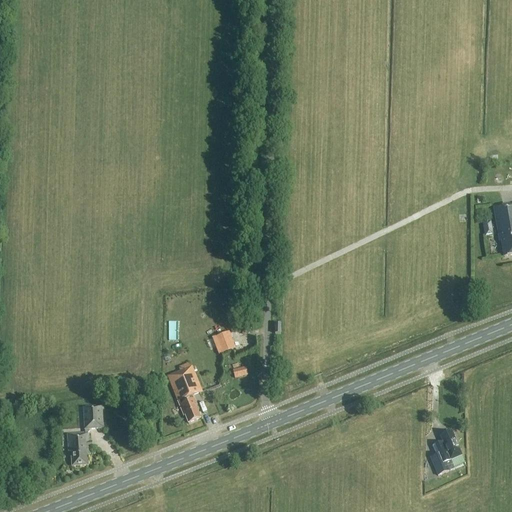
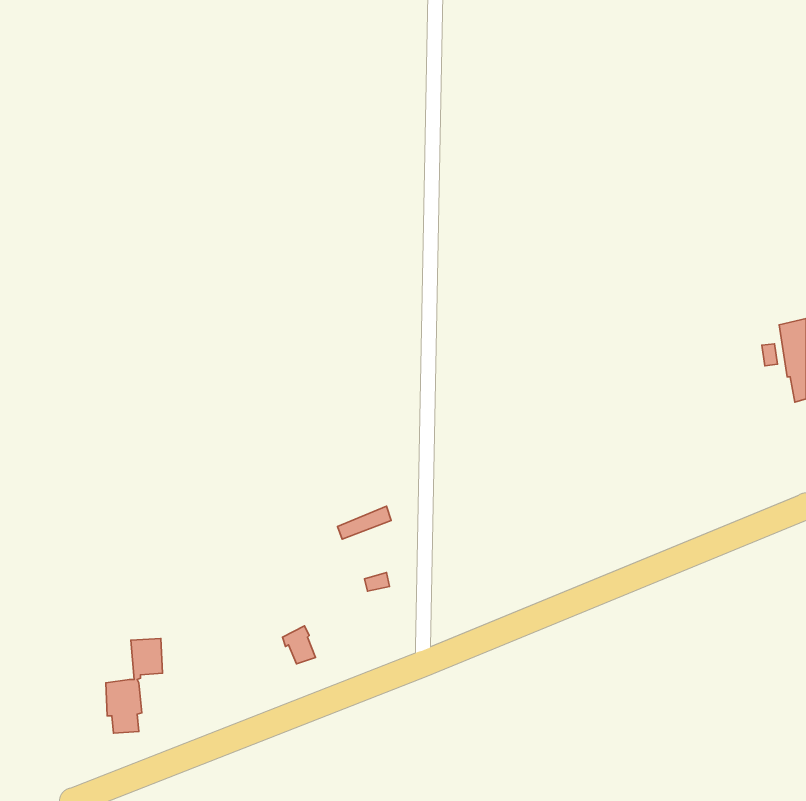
building: [167,365,203,401] -> none
building: [430,430,462,474] -> none

